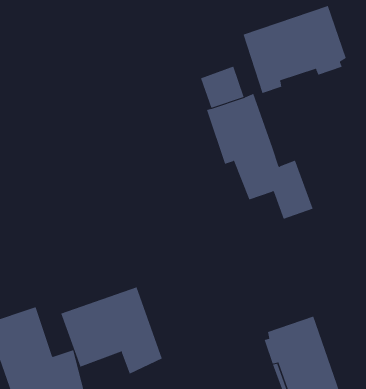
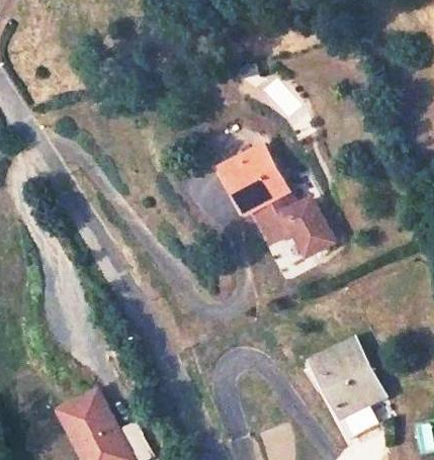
building: [243,5,346,94] -> none
building: [60,286,163,375] -> none

